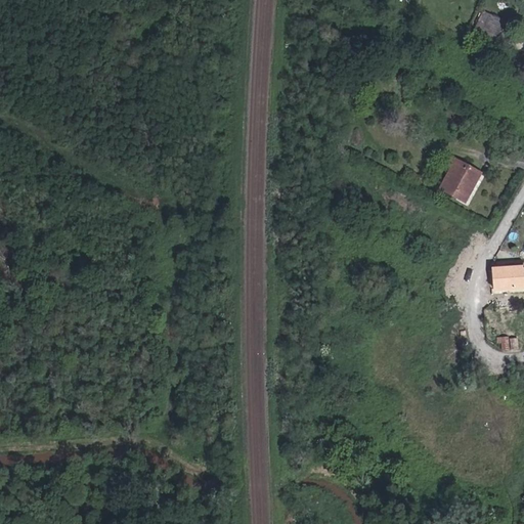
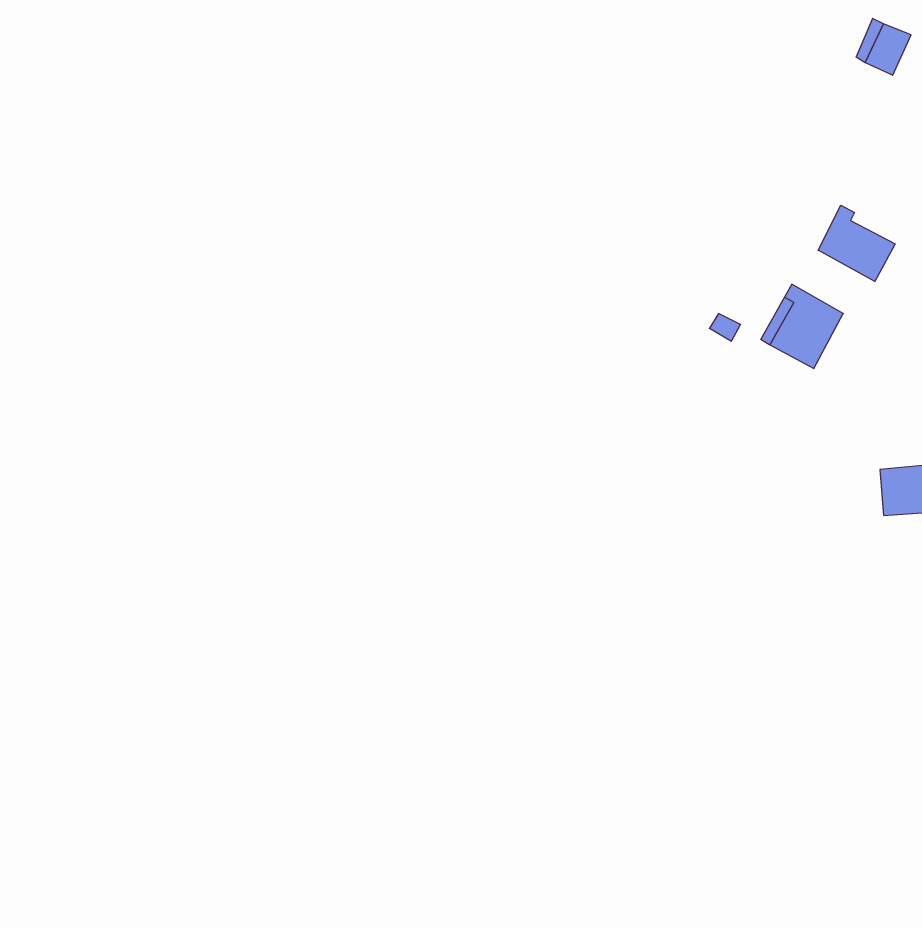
building: none -> [818,205,895,281]

